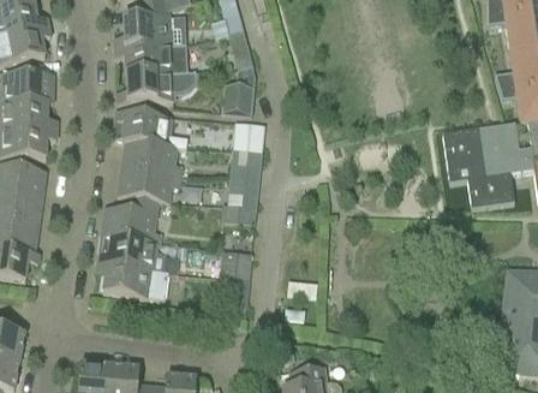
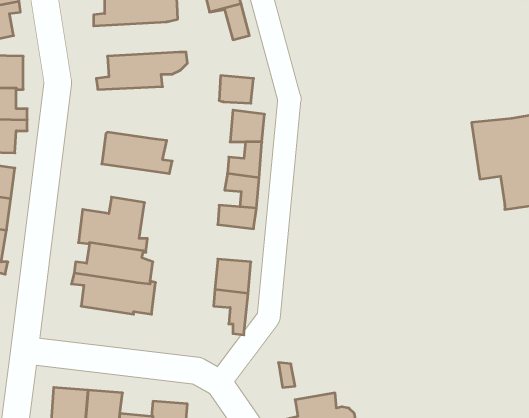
building: [114,42,189,75] -> none
building: [115,111,187,149] -> none
building: [118,168,180,203] -> none

